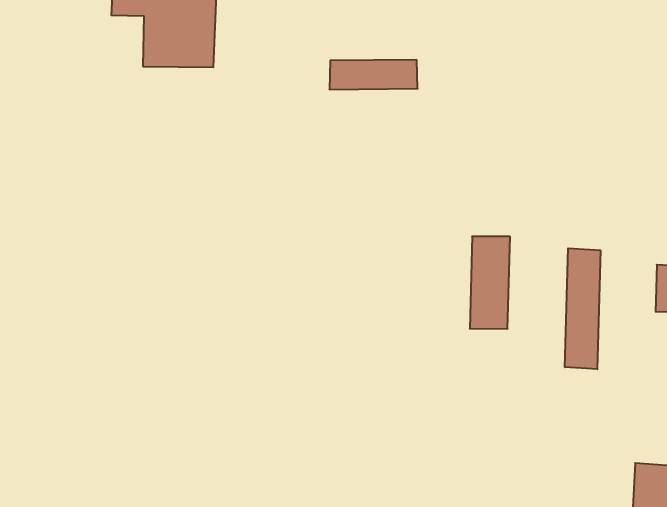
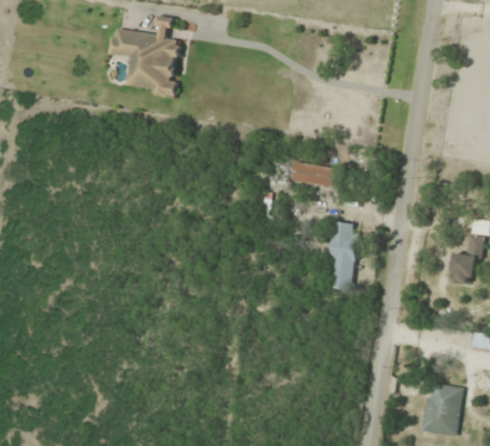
building: [329,60,418,89] -> [290,163,350,187]
building: [565,248,600,369] -> none

